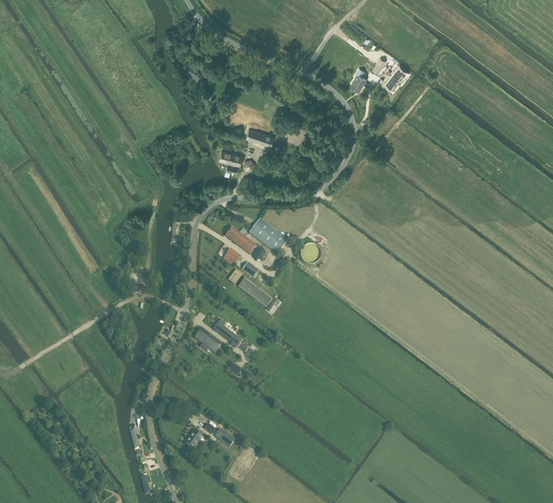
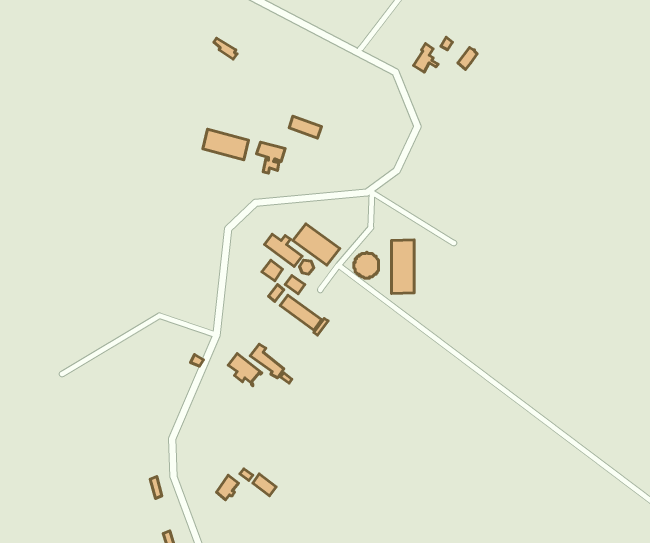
building: none -> [203,129,249,160]
building: none -> [391,240,414,294]

